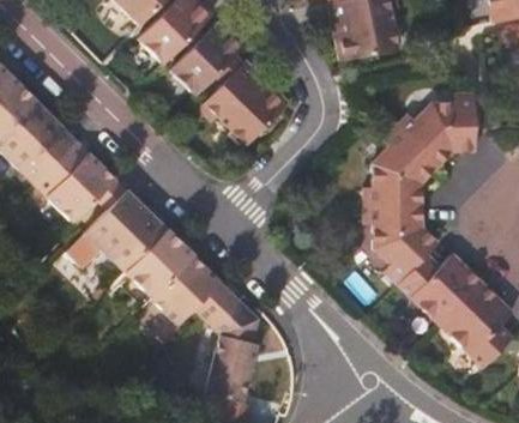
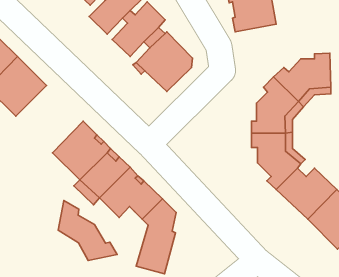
building: [34,139,116,222] -> none
building: none -> [58,201,117,260]

